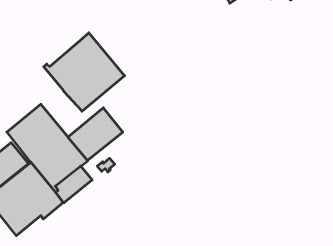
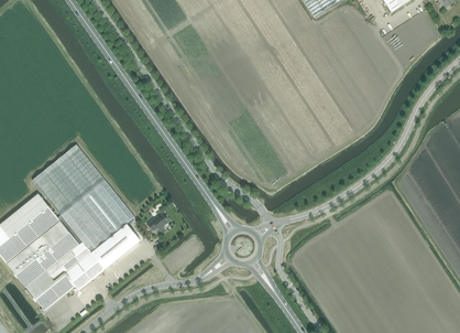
building: [44,33,125,111] -> none
building: [68,108,123,161] -> none

